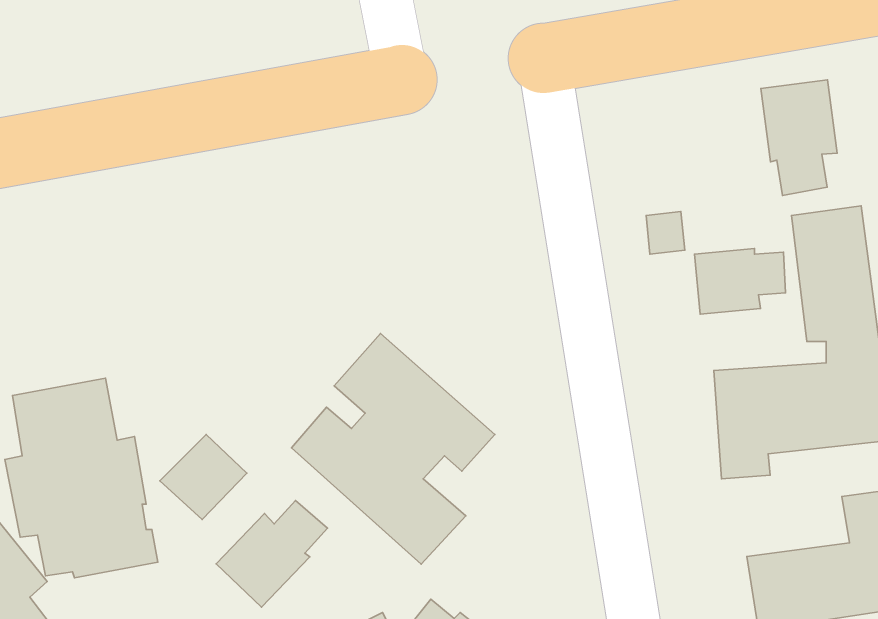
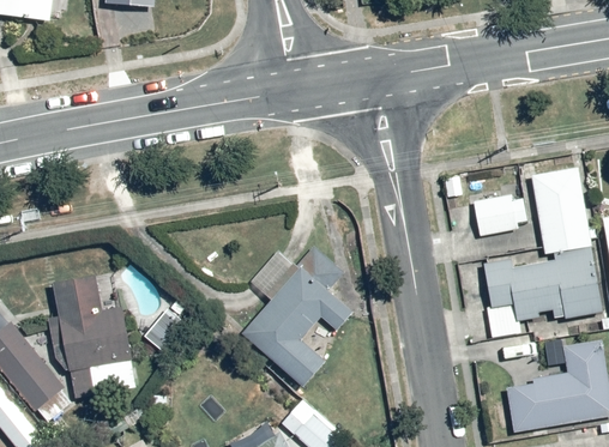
building: [761,80,837,196] -> none
building: [216,501,328,607] -> none

